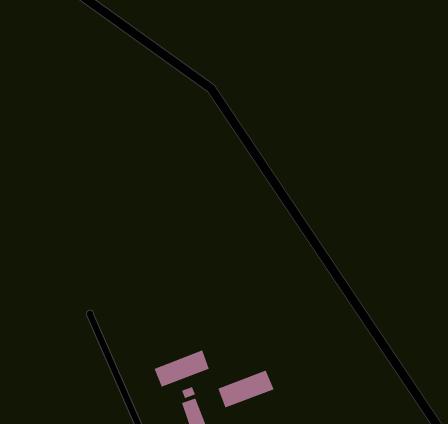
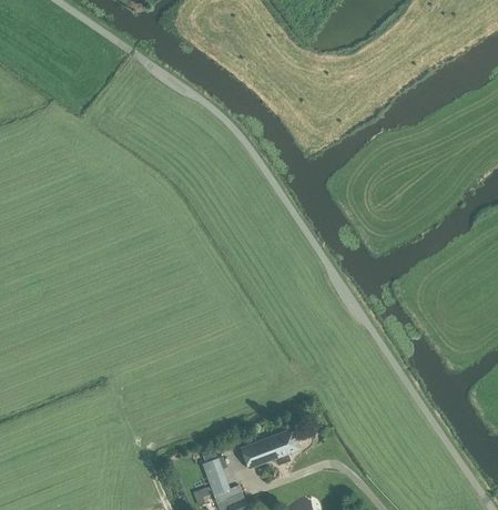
building: [154,349,209,387] -> none

